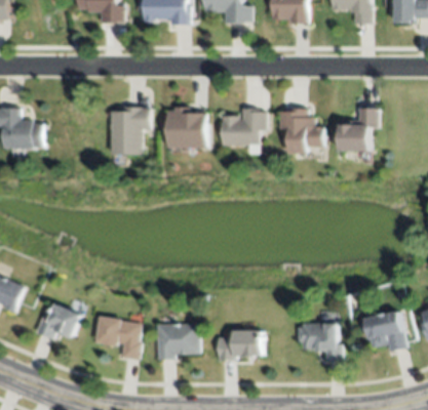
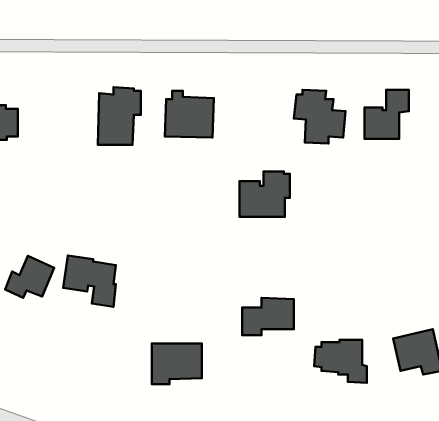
building: [222,107,265,146] -> [239,171,290,217]
building: [37,303,79,339] -> [5,256,54,298]
building: [96,316,142,360] -> [63,255,116,307]
building: [217,328,261,360] -> [242,298,294,335]

